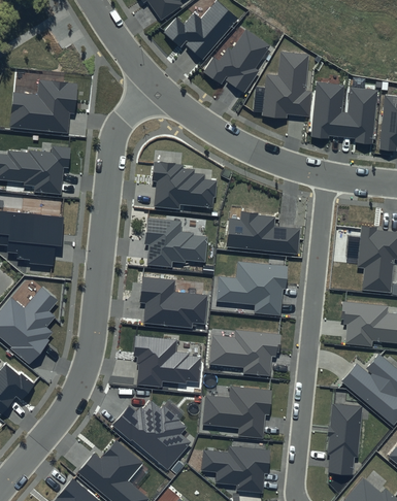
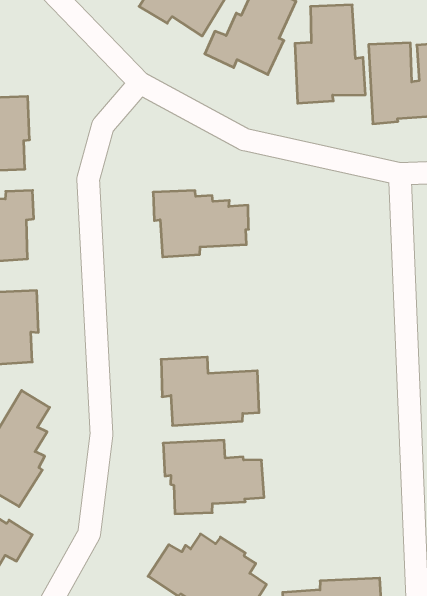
building: [225,211,299,254] -> none
building: [143,218,207,267] -> none
building: [217,262,287,315] -> none
building: [209,330,280,375] -> none
building: [202,386,272,438] -> none

